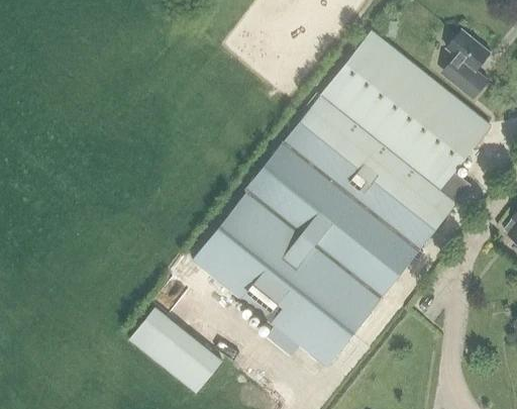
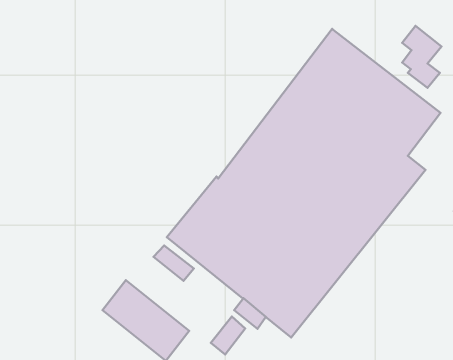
building: none -> [153,245,194,281]
building: none -> [211,316,245,355]

